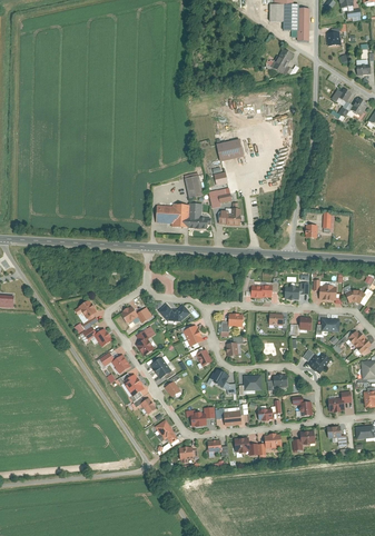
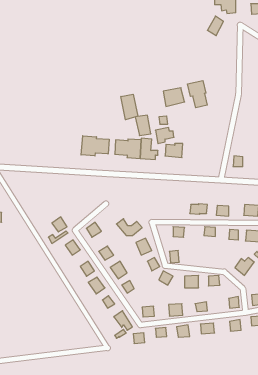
building: none -> [188,81,207,108]
building: none -> [121,94,138,120]
building: none -> [81,136,109,156]

